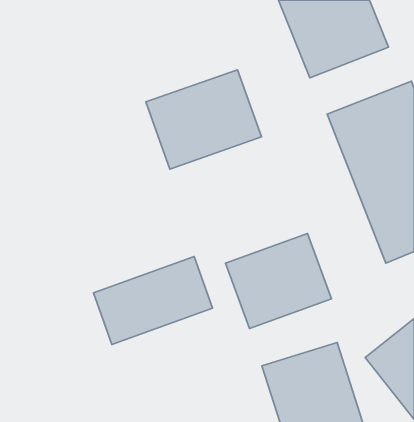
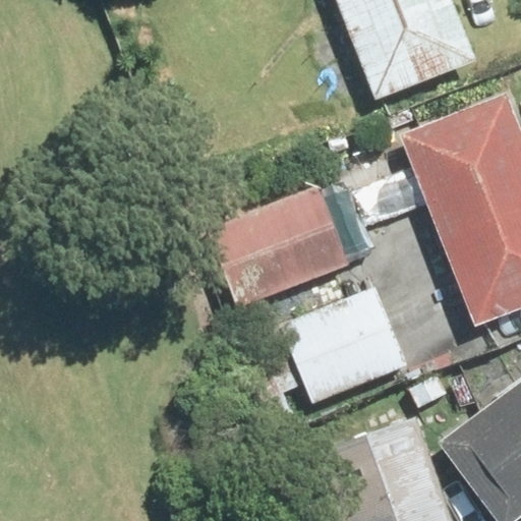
building: [146,70,261,169] -> [210,180,352,302]
building: [94,256,212,345] -> none

